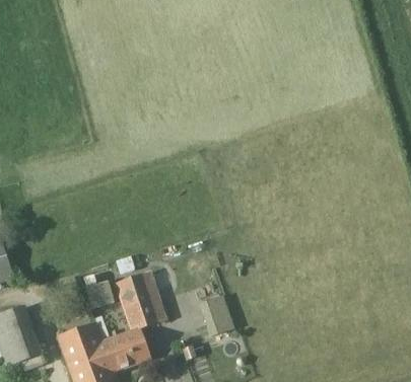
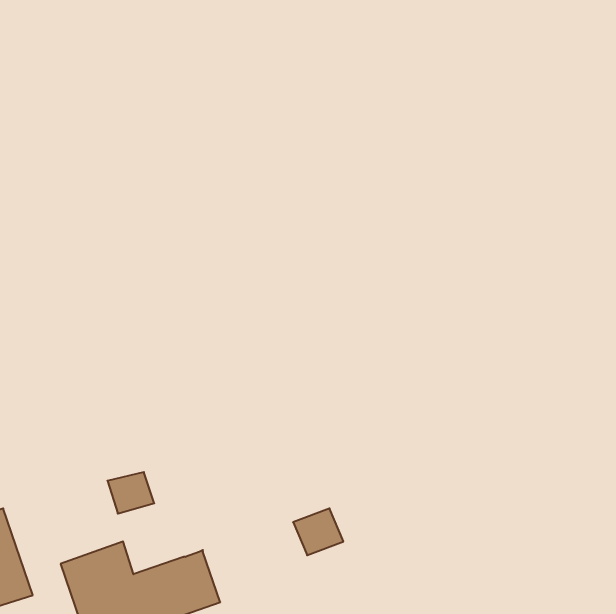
building: [116,268,172,332] -> none

